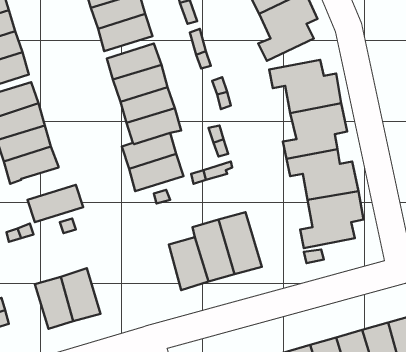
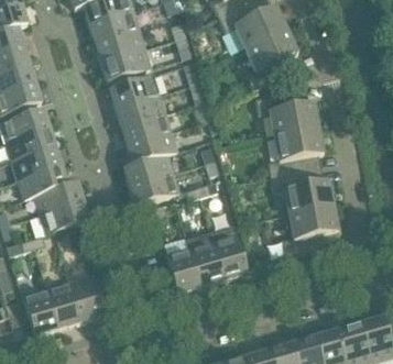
building: none -> [34,180,83,213]
building: none -> [22,288,58,335]

